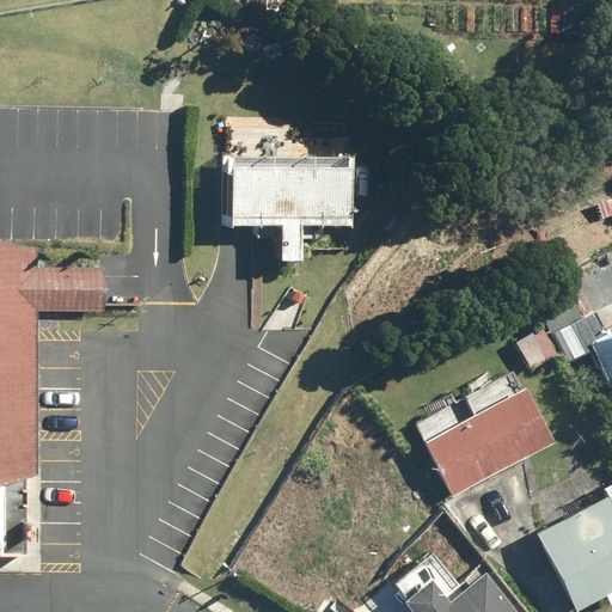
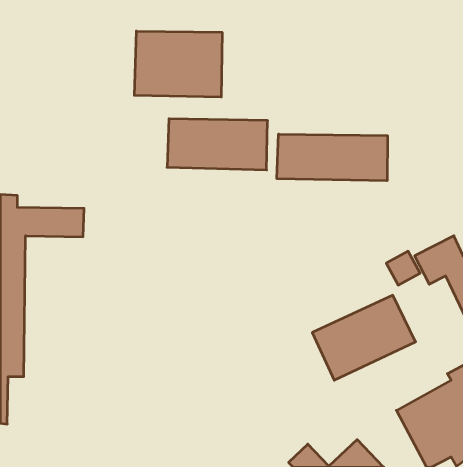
building: none -> [134,31,222,97]
building: none -> [277,134,387,181]

